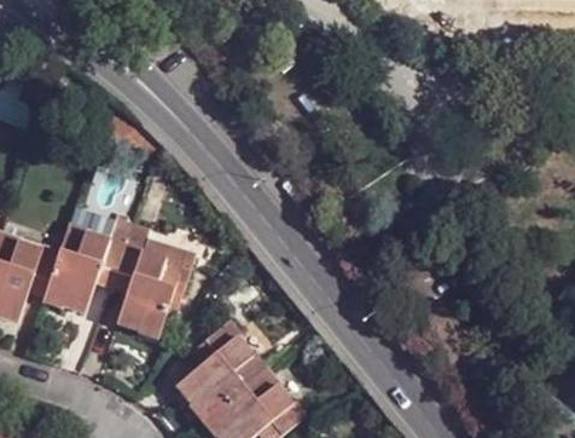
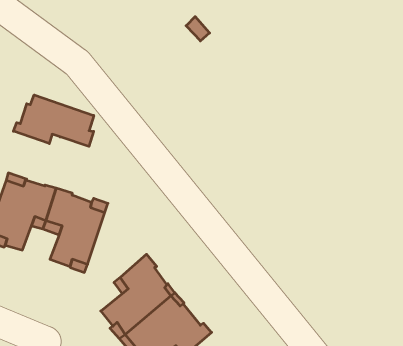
building: none -> [13,95,94,146]

